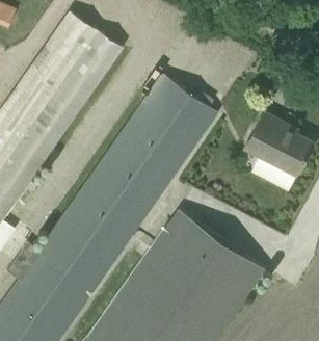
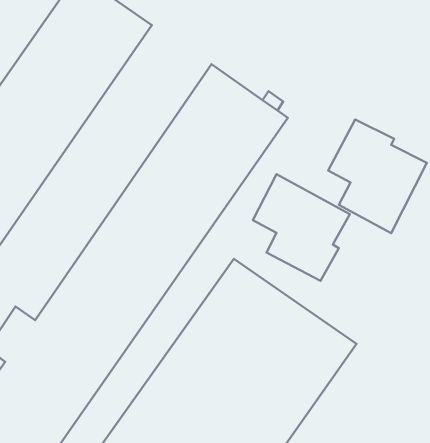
building: none -> [253,174,350,281]

